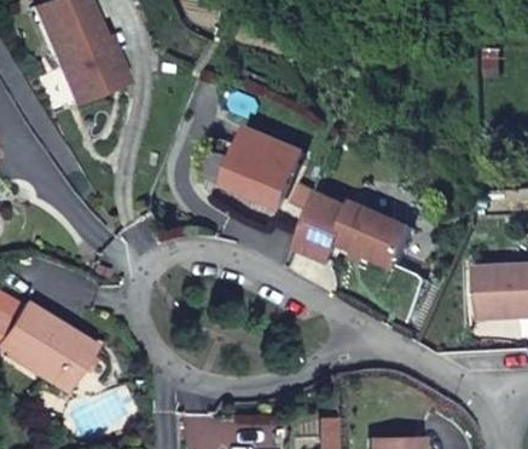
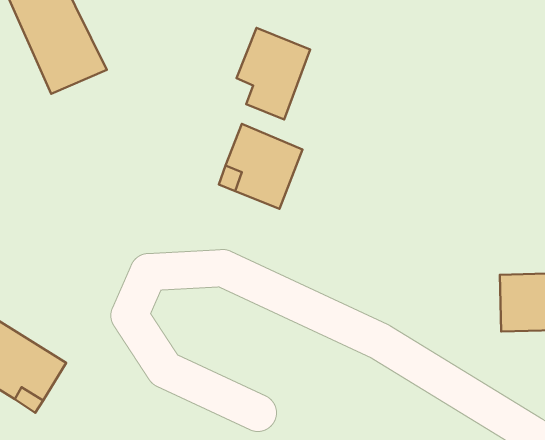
building: none -> [236,28,310,120]
building: [296,190,418,269] -> none

